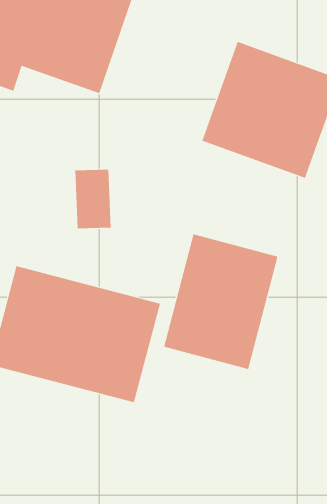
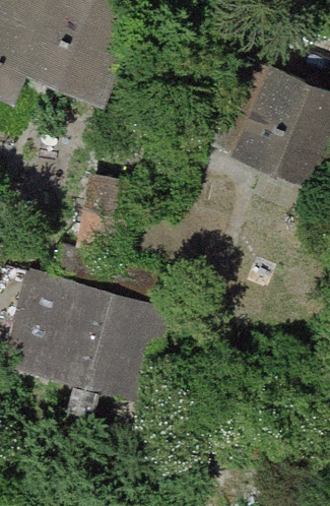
building: [164,233,278,370] -> none

